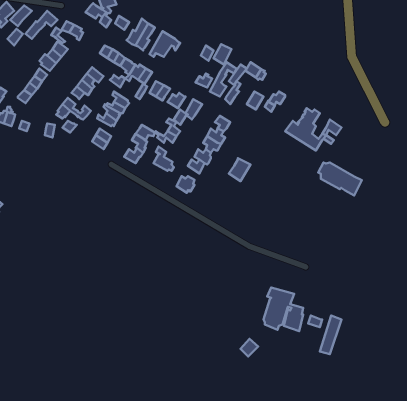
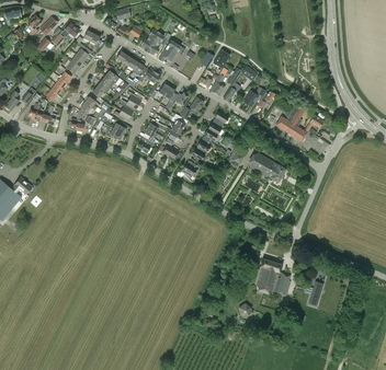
building: [318,162,362,196] -> [247,153,284,182]

